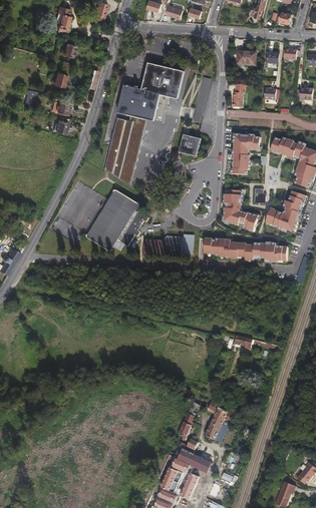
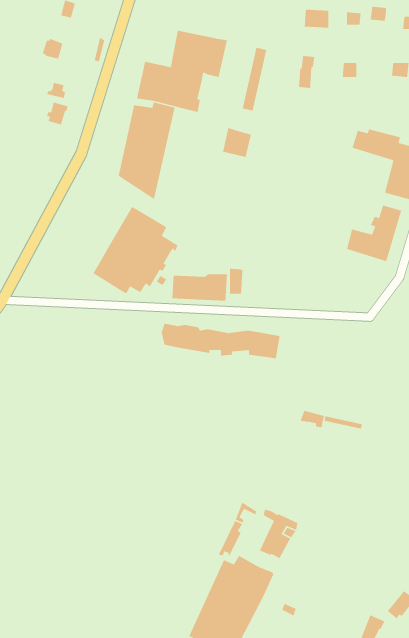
building: [232,133,261,172] -> none
building: [221,186,259,228] -> none
building: [204,235,289,262] -> [161,323,281,359]

